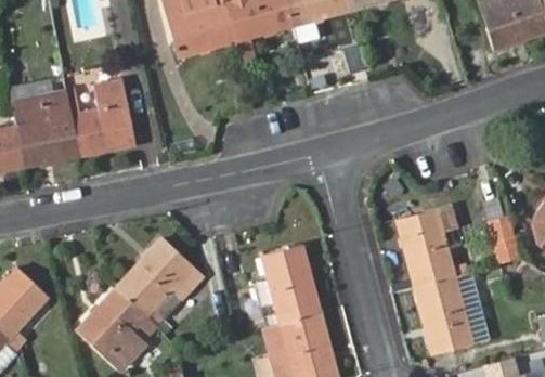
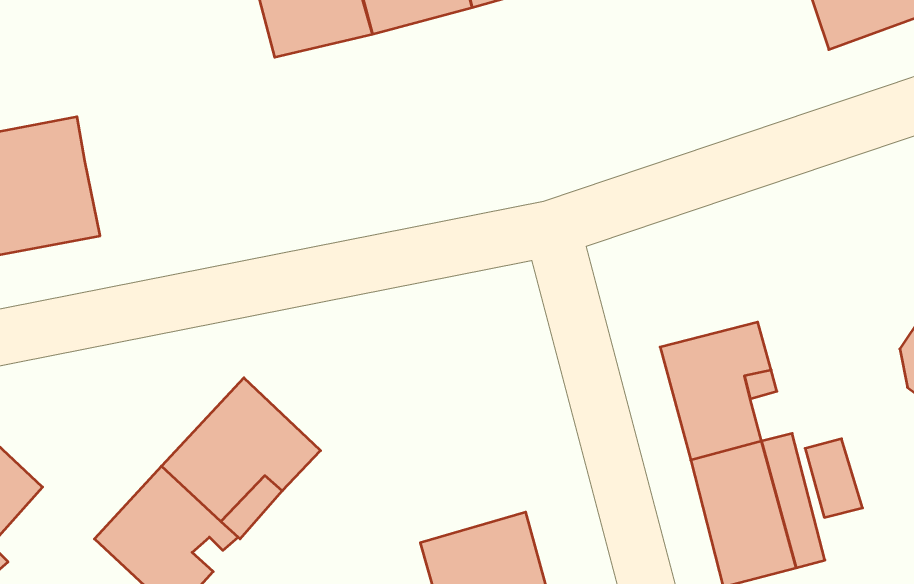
building: [72,78,134,156] -> none
building: [489,216,521,260] -> [805,439,863,517]
building: [232,245,321,336] -> none

